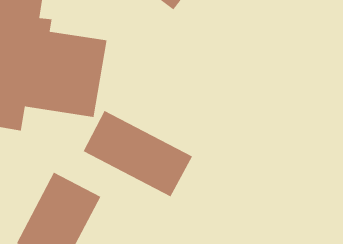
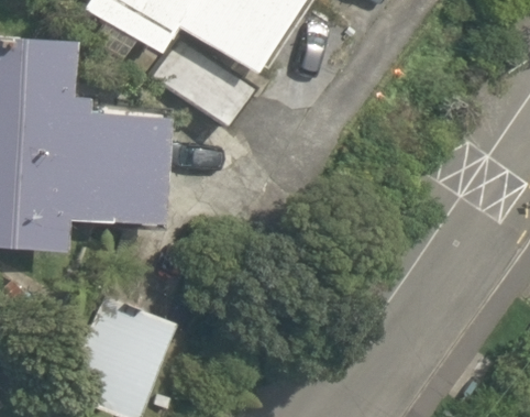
building: [82,110,193,197] -> none

